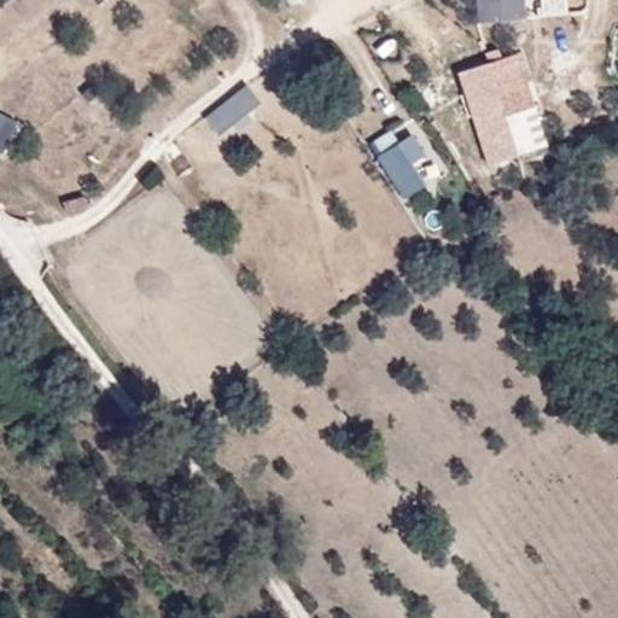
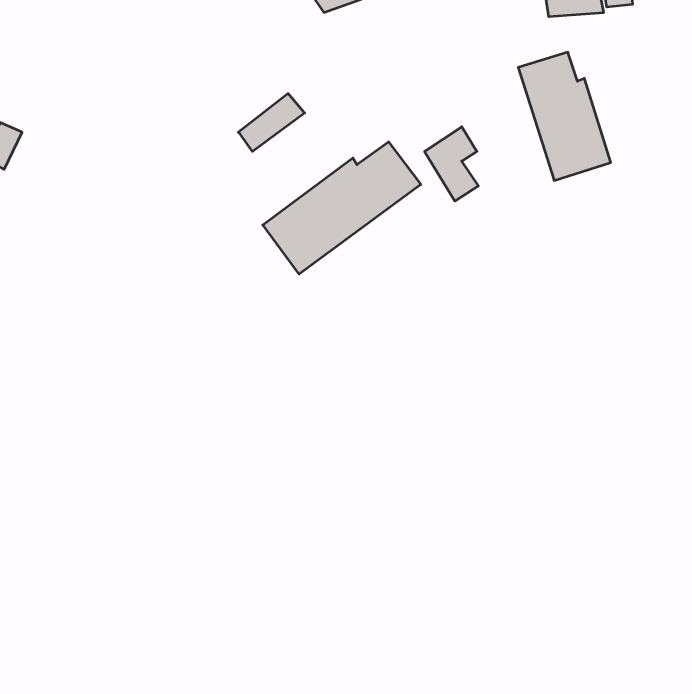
building: none -> [263,142,421,274]

